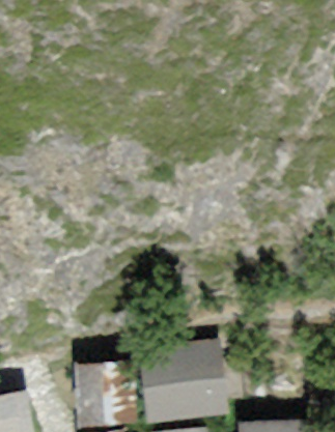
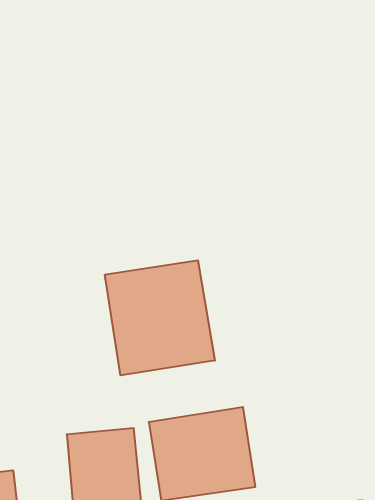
building: none -> [105,260,215,375]

